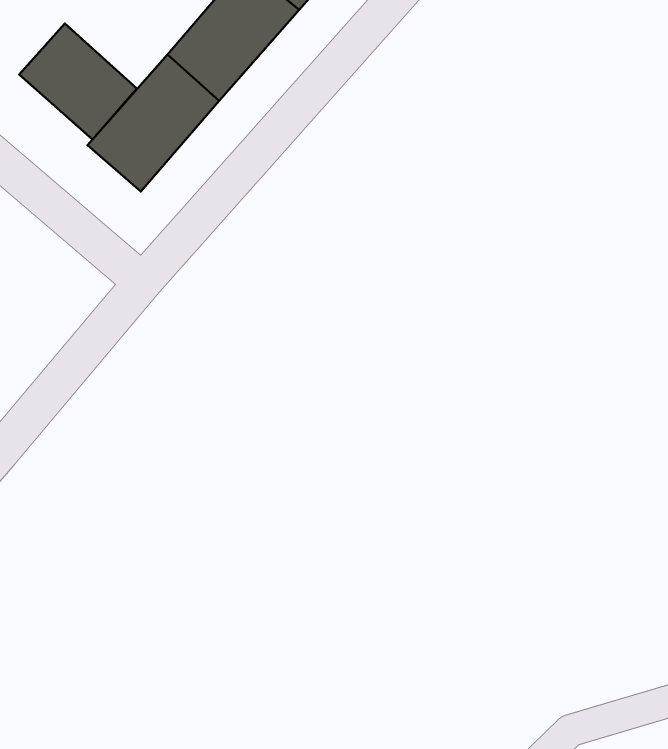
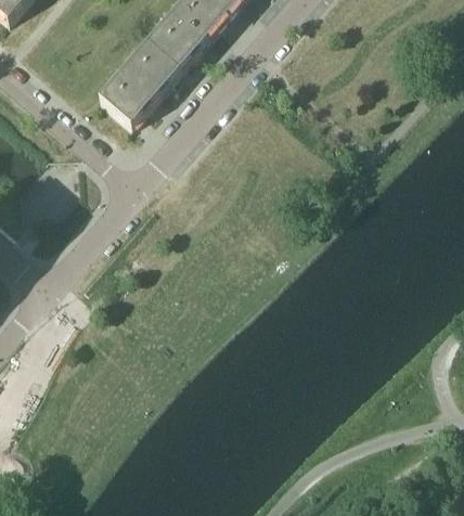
building: [19,23,137,139] -> none

